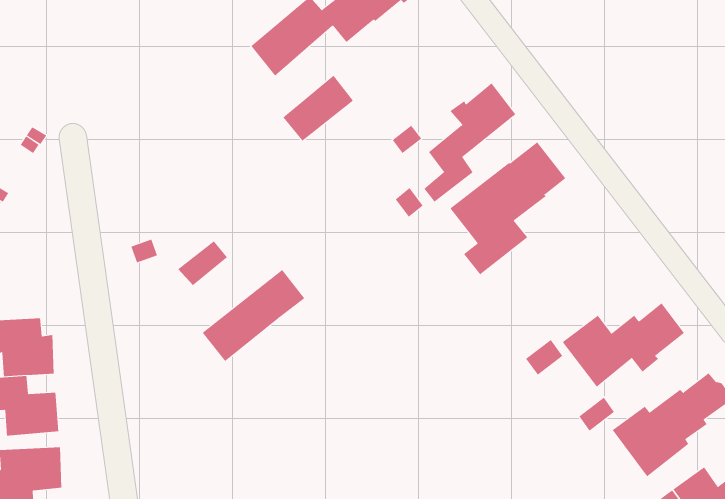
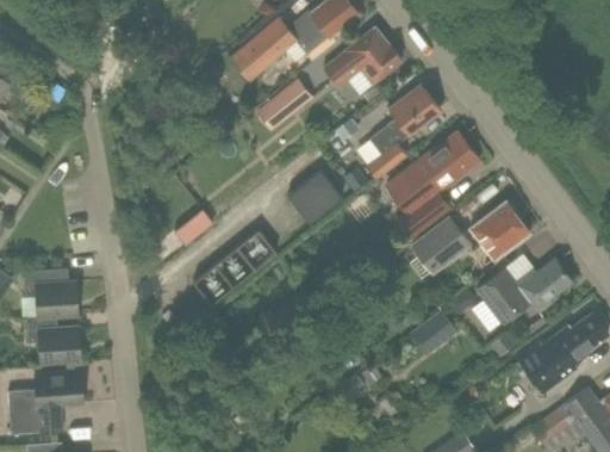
building: none -> [323,26,402,95]
building: none -> [287,169,342,223]
building: none -> [411,200,529,274]
building: none -> [410,310,458,355]

